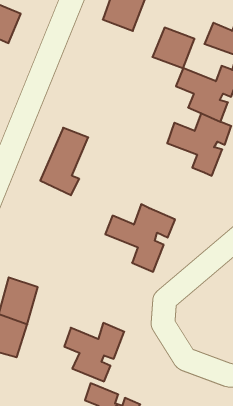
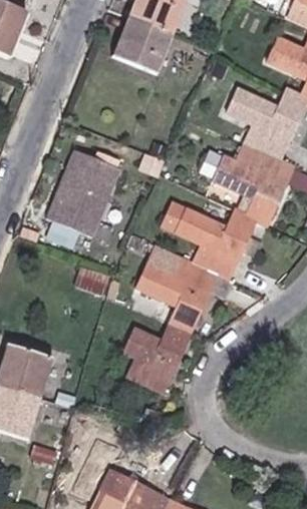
building: [152,28,195,68] -> [115,25,168,75]
building: none -> [162,201,256,276]
building: [64,323,124,381] -> [118,325,193,397]

